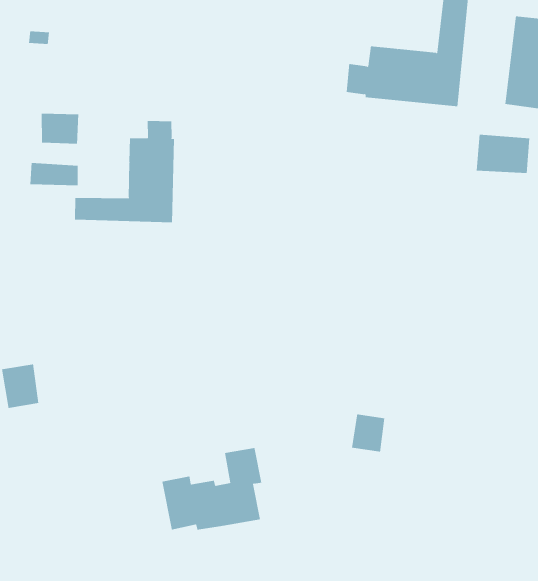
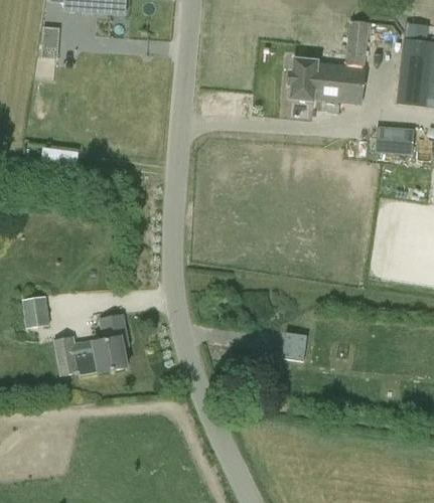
building: [41,113,79,144] -> none
building: [75,120,174,223] -> none
building: [162,447,262,530] -> [53,314,128,375]

